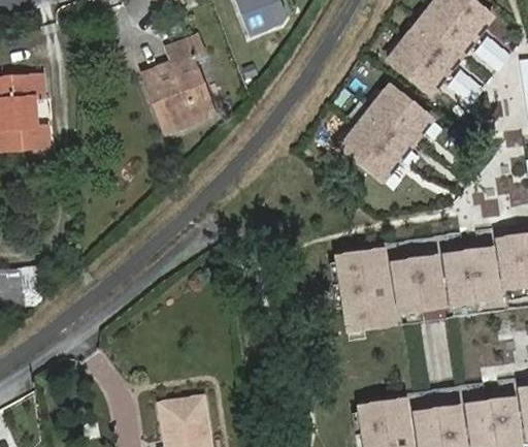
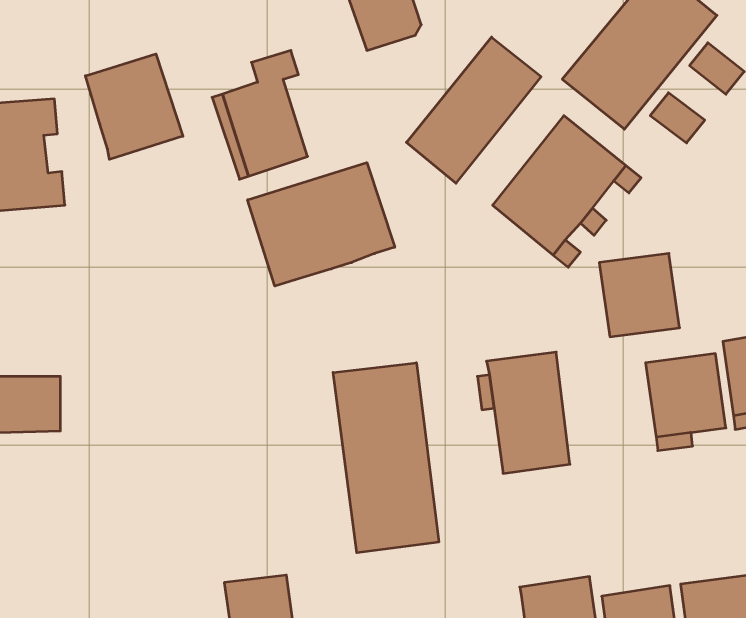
building: none -> [406,37,541,183]
building: none -> [85,54,183,159]
building: none -> [248,163,395,286]
building: none -> [333,363,439,553]
building: [390,254,444,311] -> [599,253,680,337]

